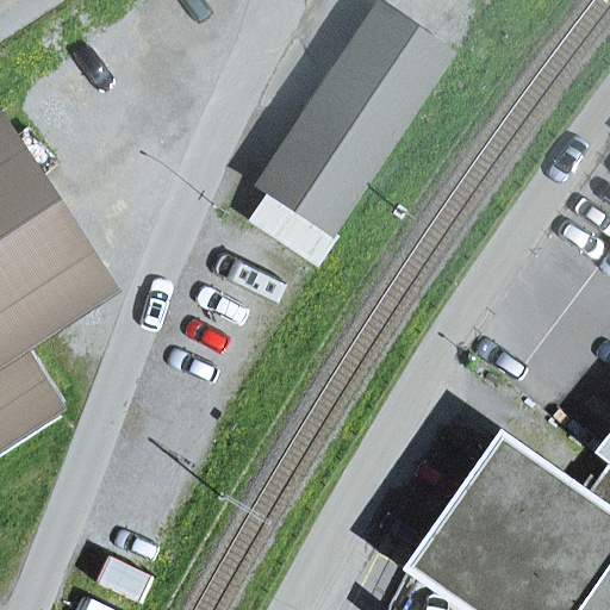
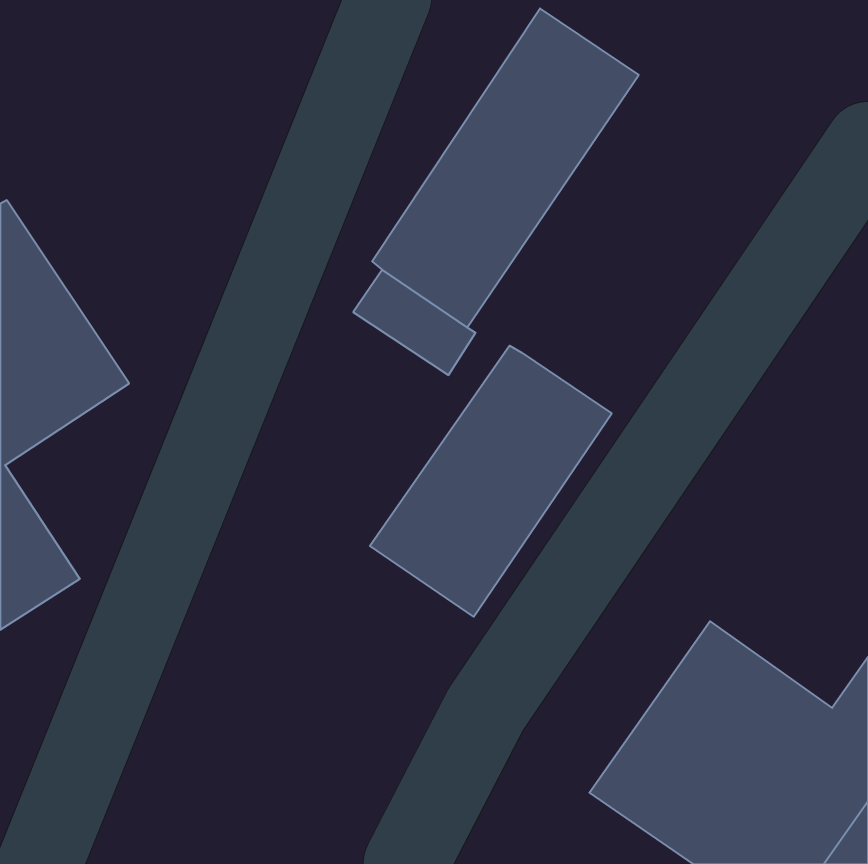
building: none -> [370,346,612,617]

